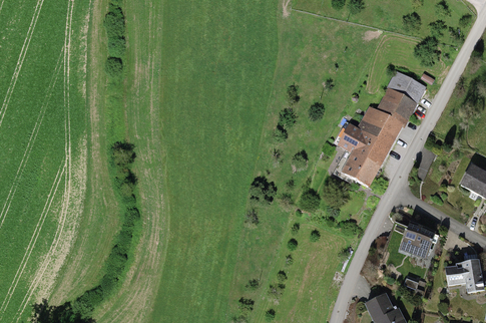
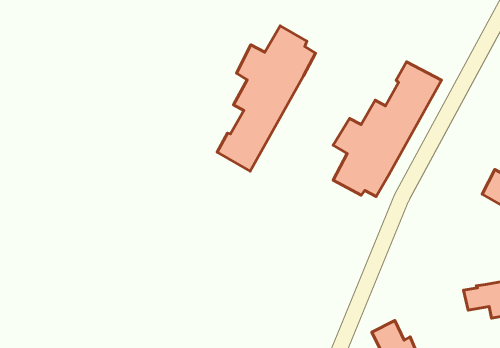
building: none -> [217,26,316,171]
building: [400,223,439,260] -> none

